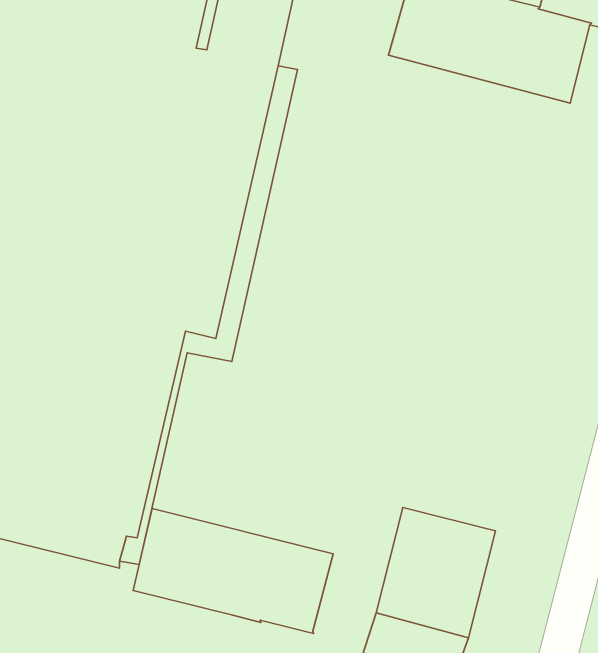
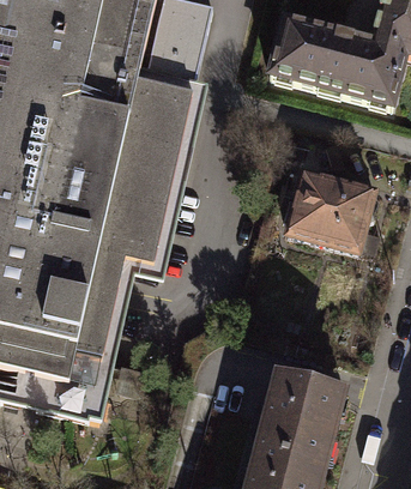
building: none -> [286,171,376,249]
building: [133,509,333,633] -> none

